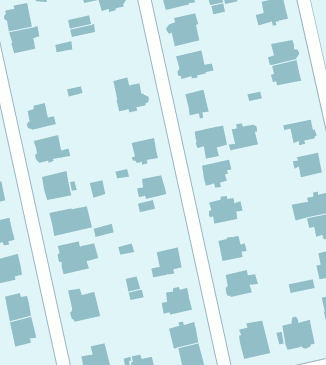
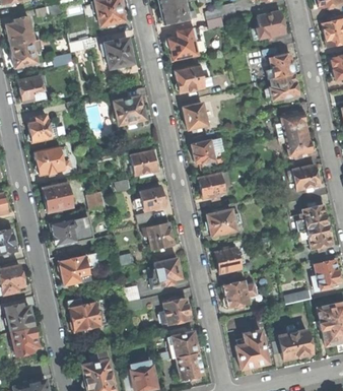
building: none -> [101,39,135,69]
building: none -> [18,75,45,103]
building: [228,123,259,151] -> [278,110,308,137]
building: none -> [142,221,175,250]

